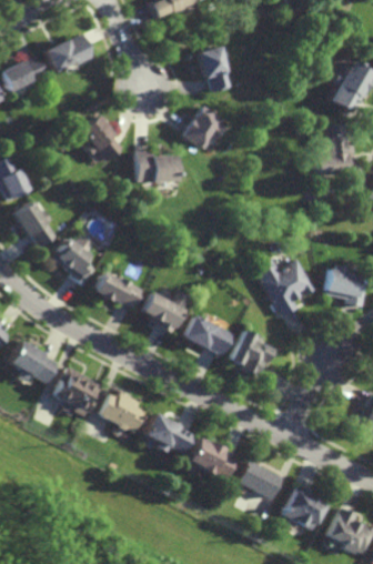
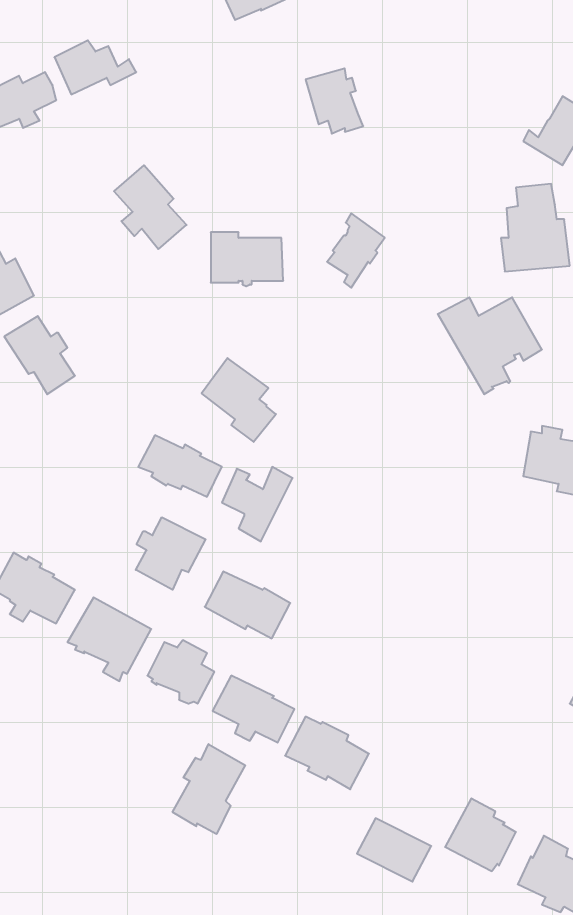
building: [191,103,225,148] -> [327,213,385,288]
building: [57,236,101,286] -> [202,358,276,442]
building: [256,259,319,316] -> [438,297,542,394]
building: [182,315,233,355] -> [205,571,290,638]
building: none -> [136,517,206,590]
building: [230,330,275,375] -> none
building: none -> [173,744,245,834]
building: [236,462,281,500] -> [357,818,431,882]

